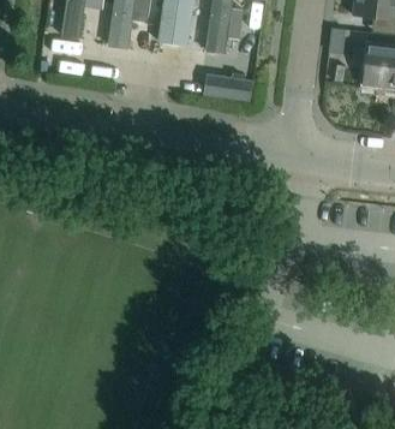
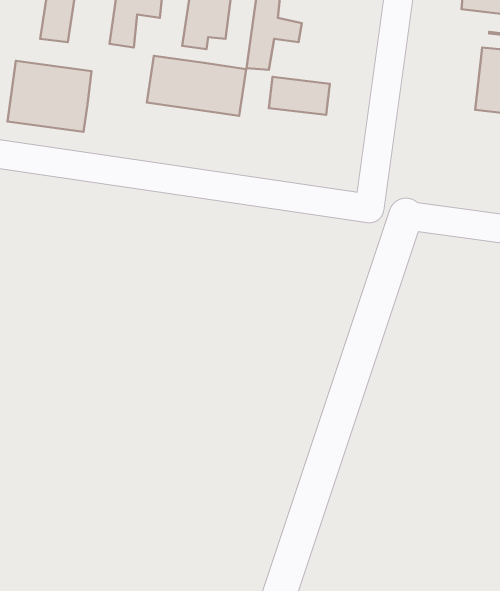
building: none -> [147,56,246,116]
building: none -> [8,61,91,132]

